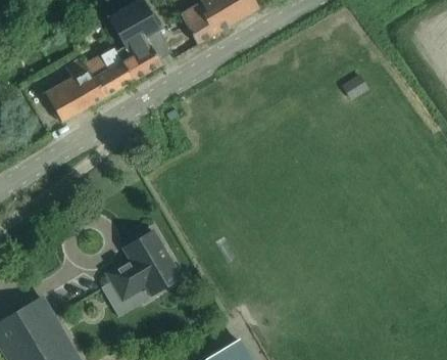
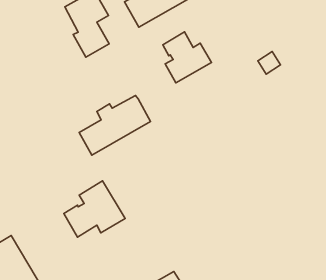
building: [46,49,133,122] -> [79,96,151,155]
building: none -> [163,32,212,83]

